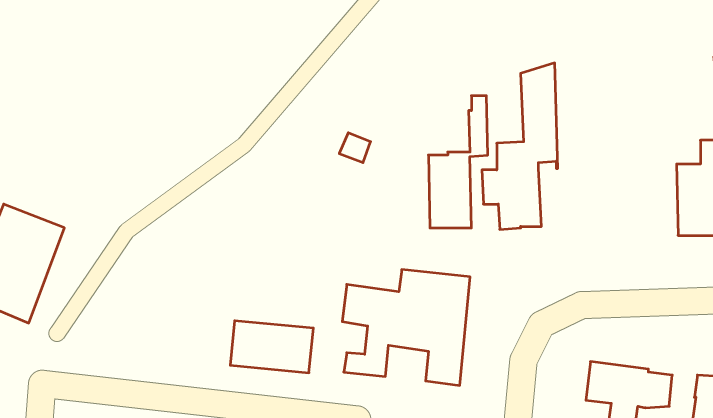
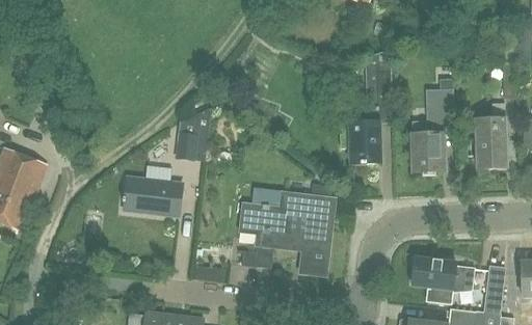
building: [428,96,488,228] -> [411,79,453,171]
building: none -> [177,107,210,161]
building: [230,321,313,373] -> [124,178,182,214]

